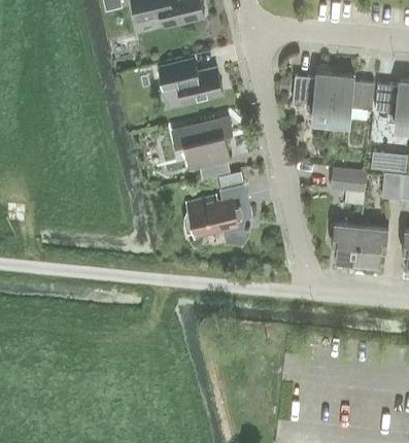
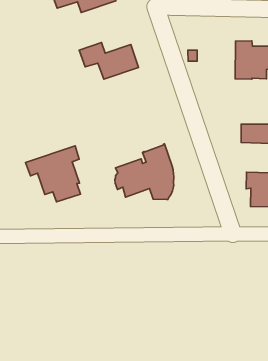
building: [293,72,335,116] -> none
building: [171,117,232,178] -> [25,146,80,202]

